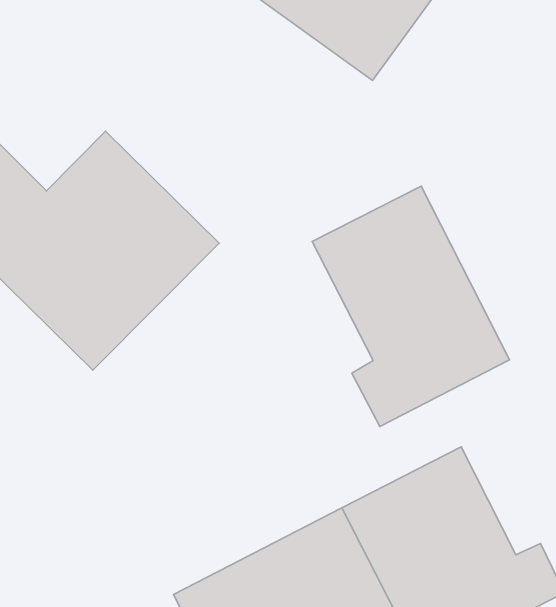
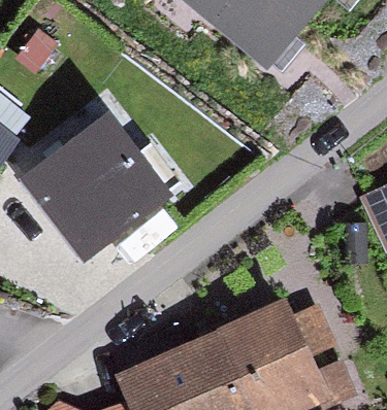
building: [312,186,510,427] -> none

